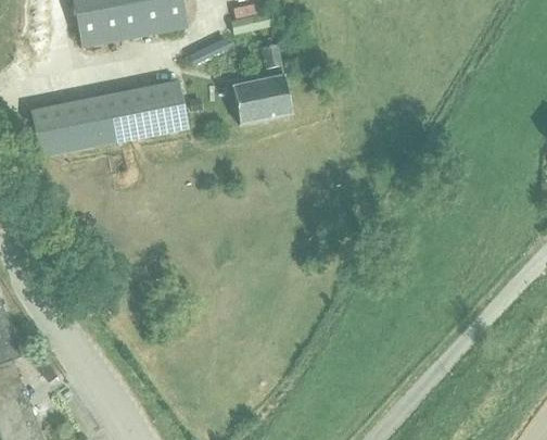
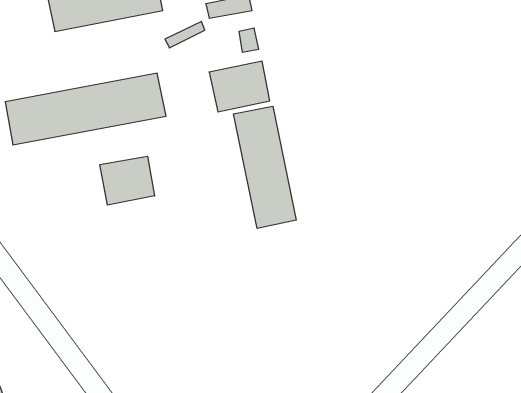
building: none -> [233,106,296,228]
building: none -> [100,156,155,205]

